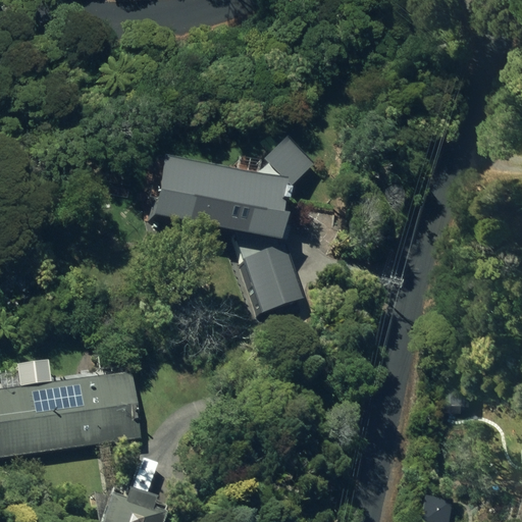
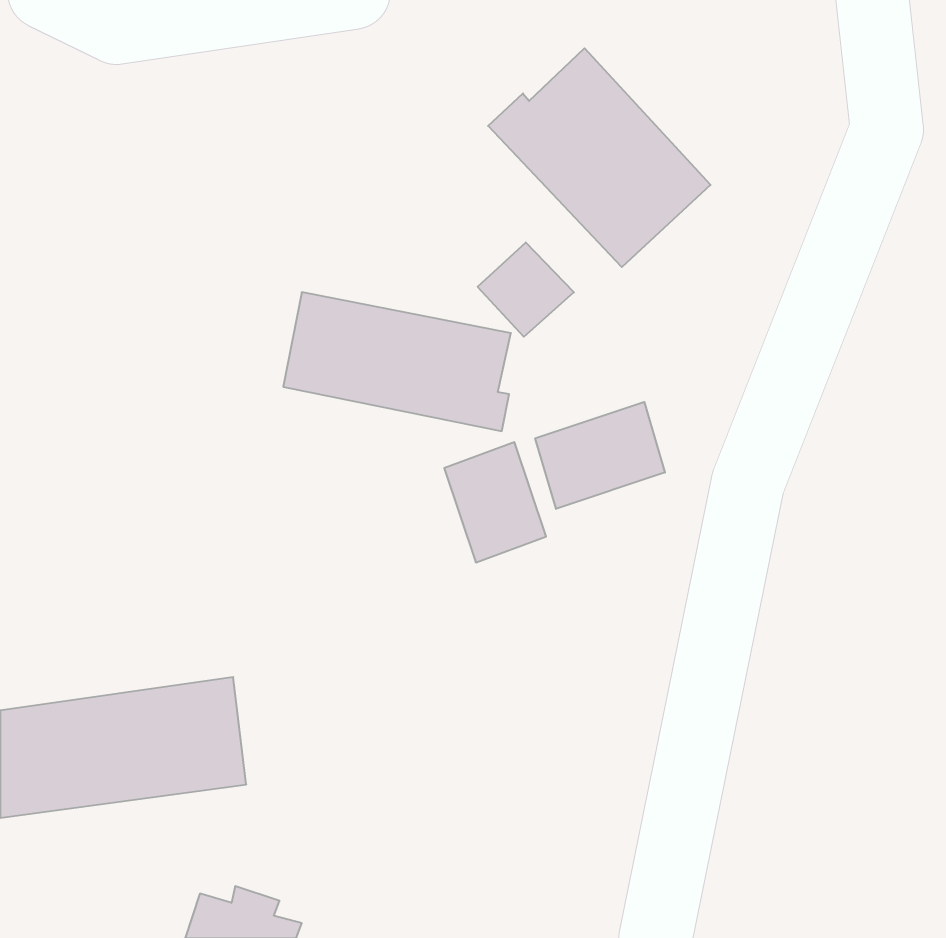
building: none -> [488,48,711,267]
building: none -> [535,402,665,509]

